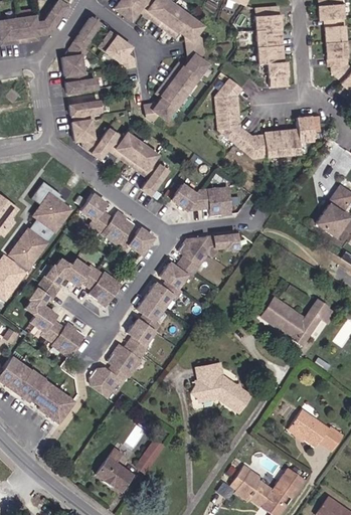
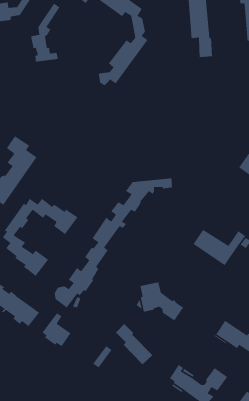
building: [100,31,134,67] -> none
building: [212,78,320,158] -> none
building: [69,101,166,194] -> none
building: [172,184,230,215] -> none
building: [74,194,153,253] -> none
building: none -> [115,323,153,365]
building: [96,448,133,491] -> [41,312,72,347]

